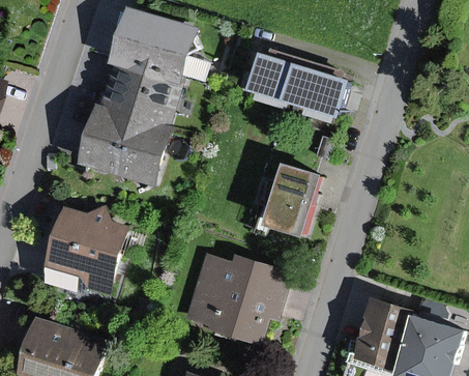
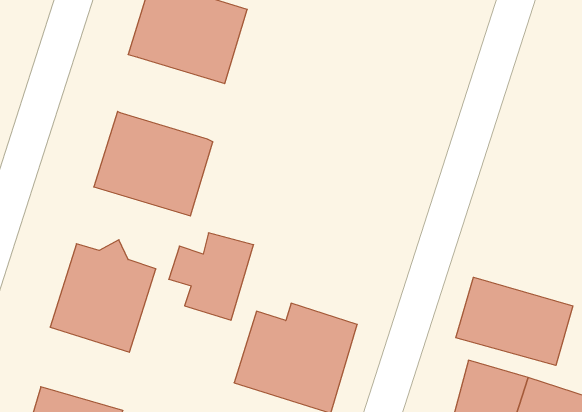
building: [248,53,350,117] -> none
building: [97,62,179,126] -> none
building: [252,167,318,235] -> [169,233,254,320]
building: none -> [456,277,573,365]

